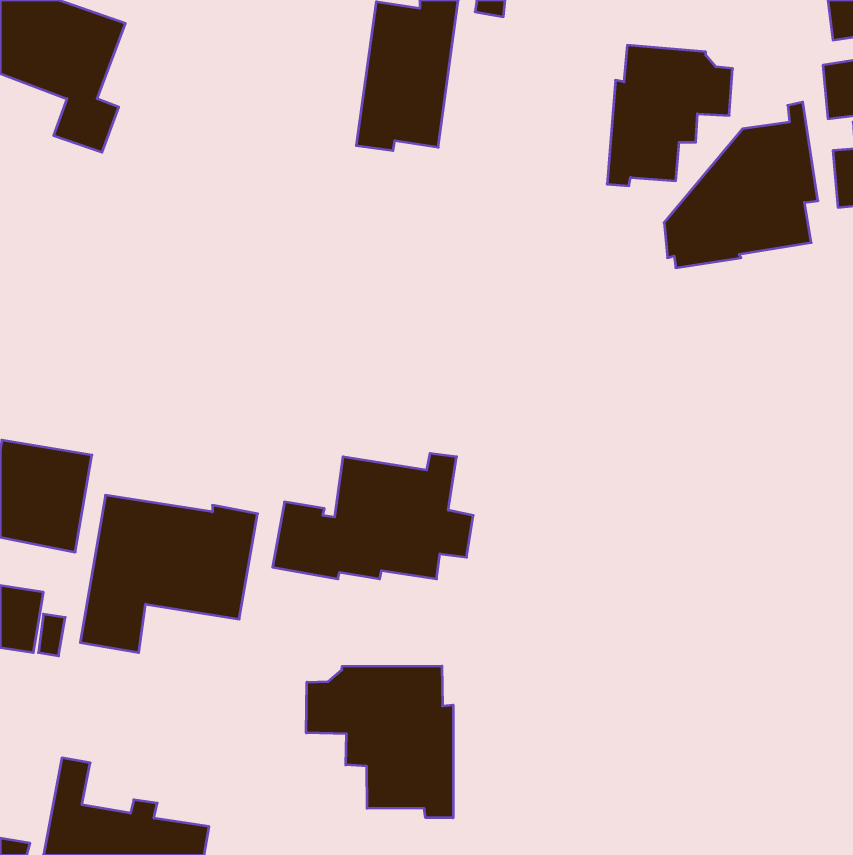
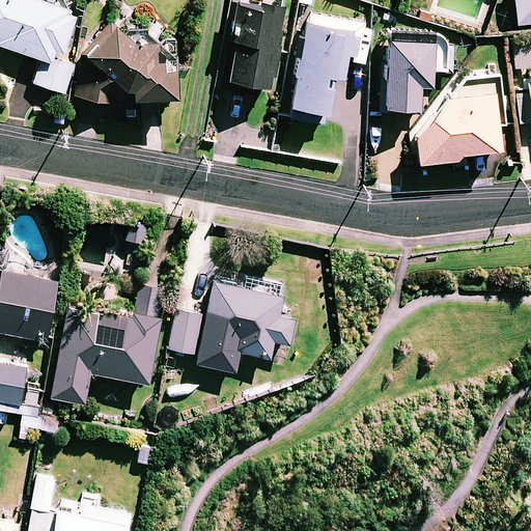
building: none -> [288,13,362,125]
building: none -> [76,26,178,109]
building: [306,666,453,818] -> none

